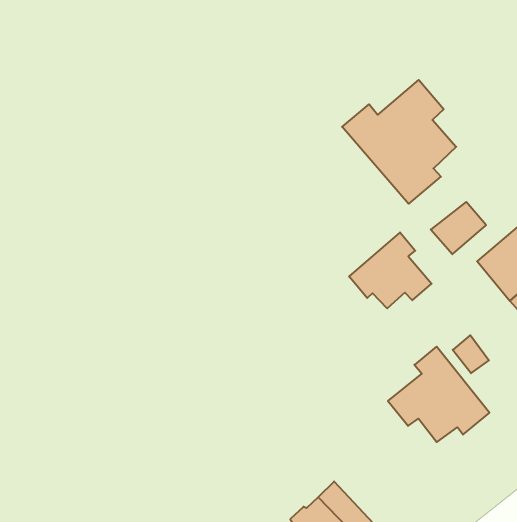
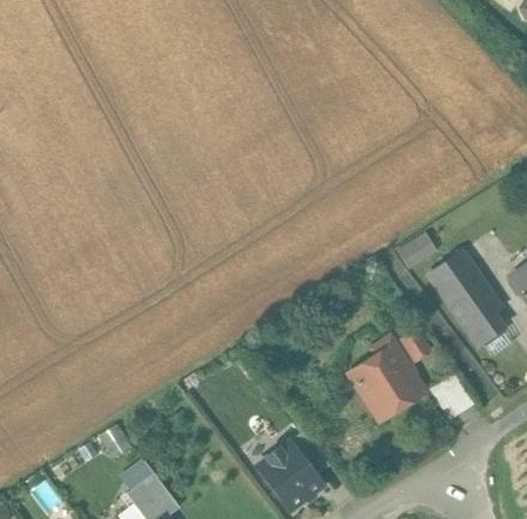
building: [342,80,456,204] -> none
building: [349,232,432,308] -> none

